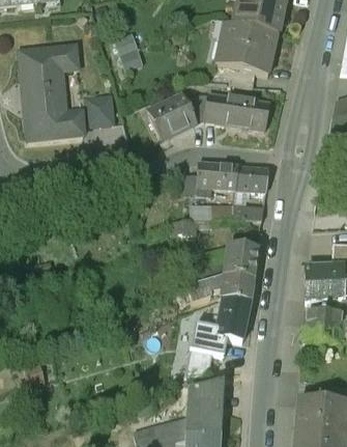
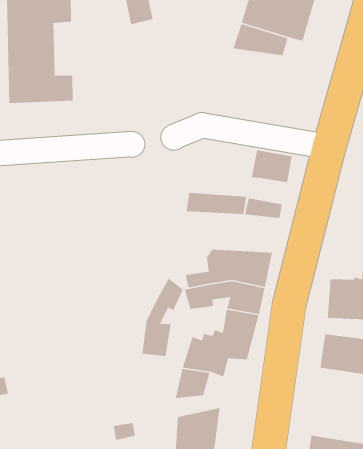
building: [205,92,270,129] -> none
building: [87,94,115,124] -> none
building: [155,96,196,135] -> none
building: [193,160,238,193] -> none
building: none -> [141,278,184,357]

